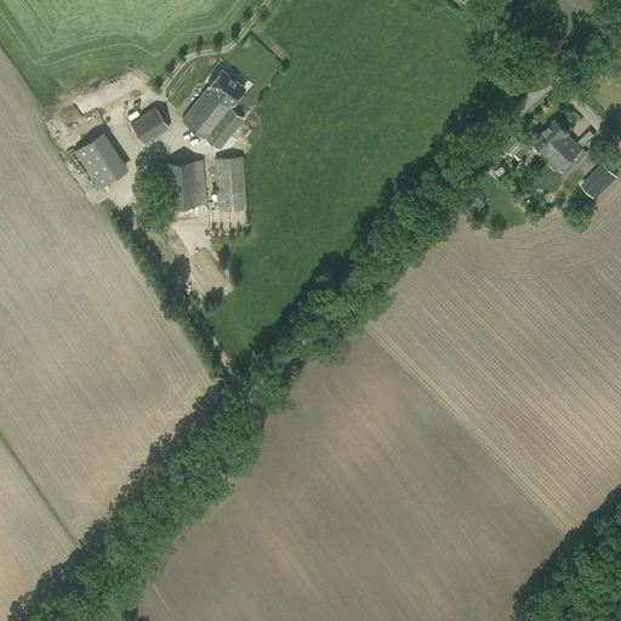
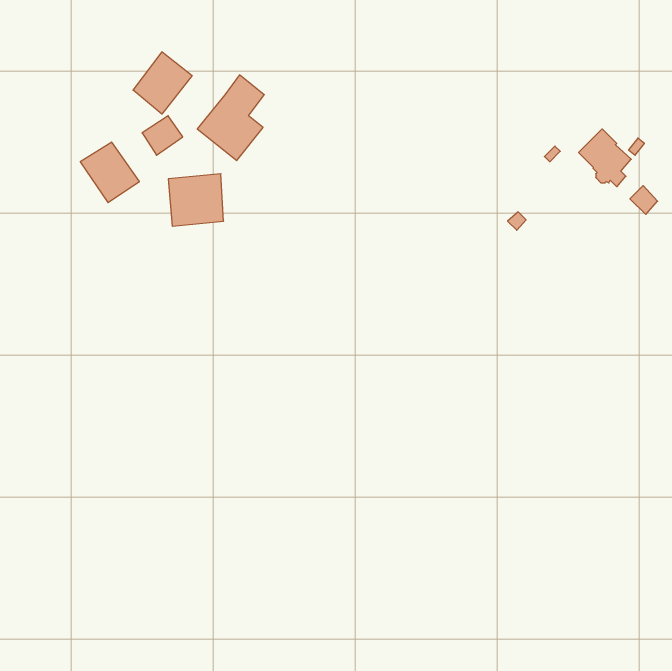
building: none -> [133,52,192,114]
building: [215,158,246,211] -> none

